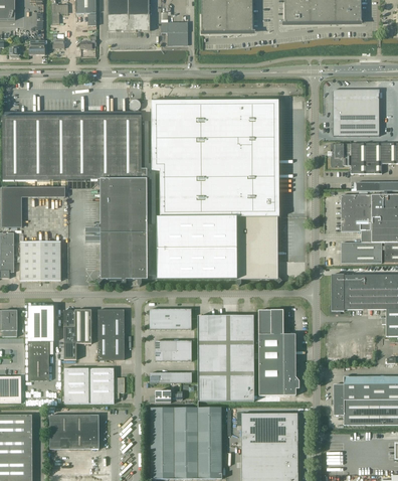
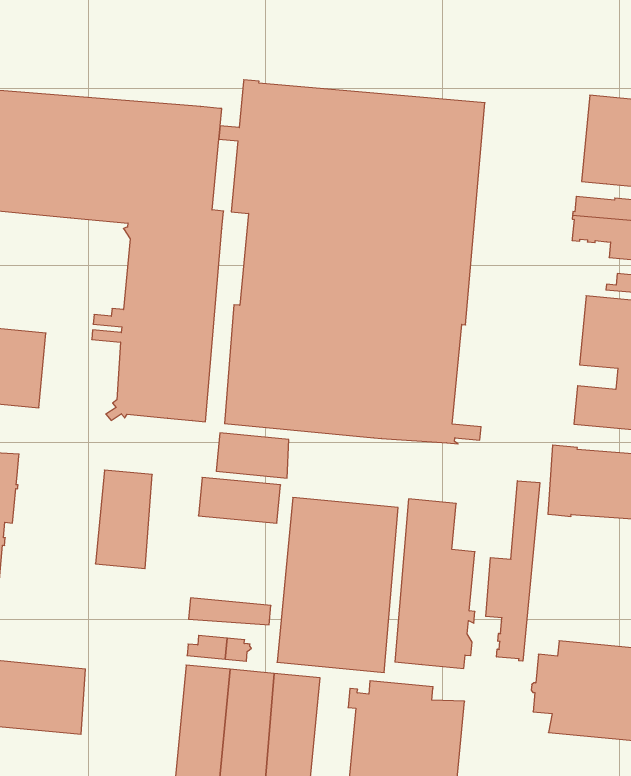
building: none -> [486,481,540,661]
building: [64,309,91,358] -> none
building: [155,340,192,360] -> [216,433,289,478]
building: [64,366,125,403] -> none

